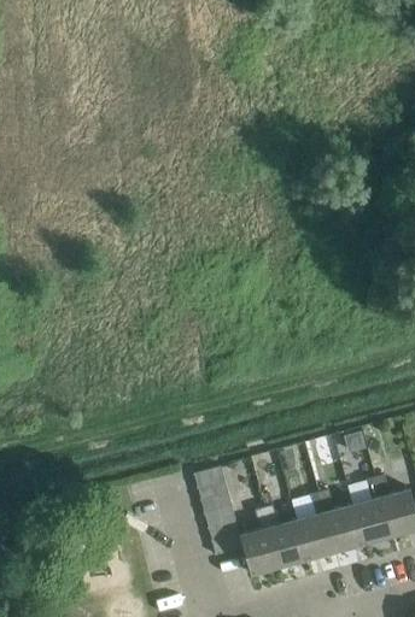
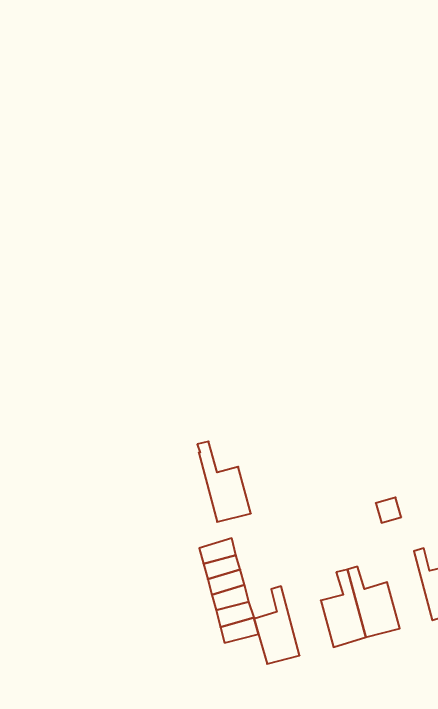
building: [355,465,393,543] -> none
building: [263,498,309,566] -> [197,441,251,522]

